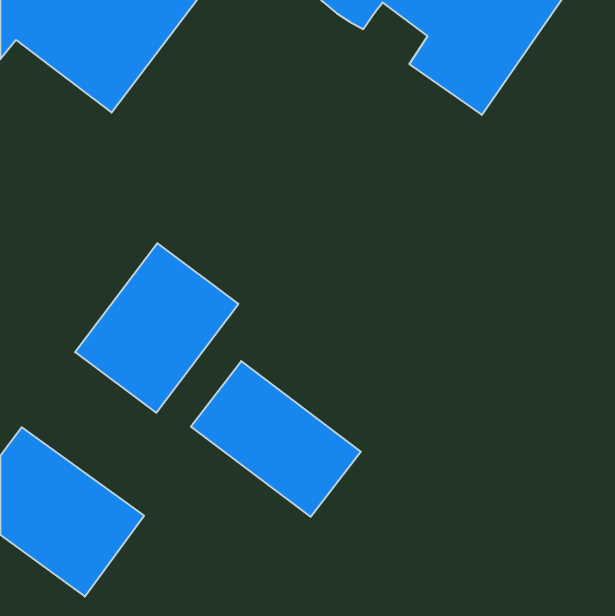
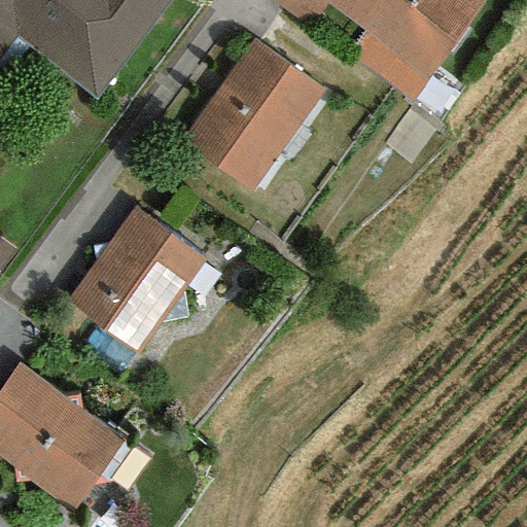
building: none -> [181,38,326,192]
building: [191,361,361,517] -> none

